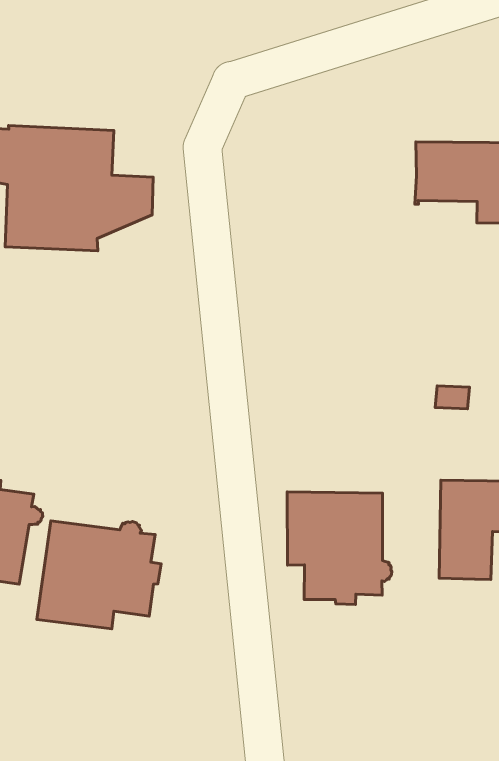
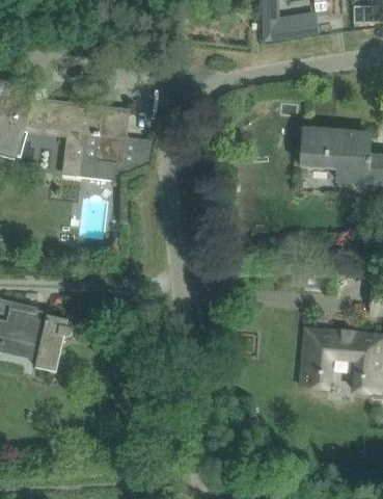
building: [287,492,392,604] -> none
building: [37,521,161,629] -> none

